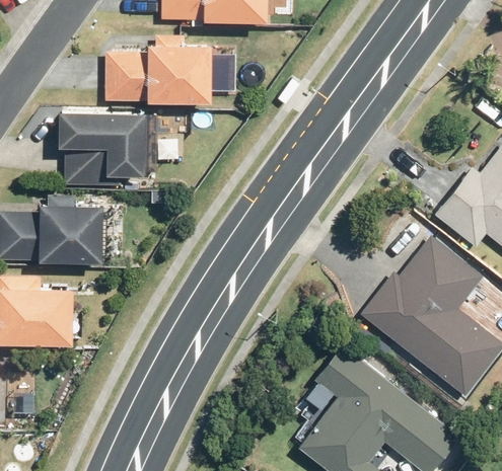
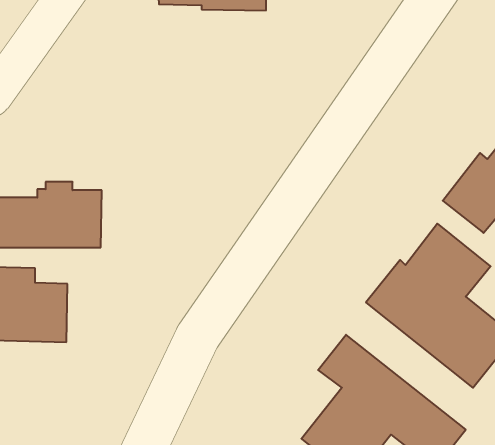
building: [102,37,209,106] -> none
building: [55,115,143,188] -> none

